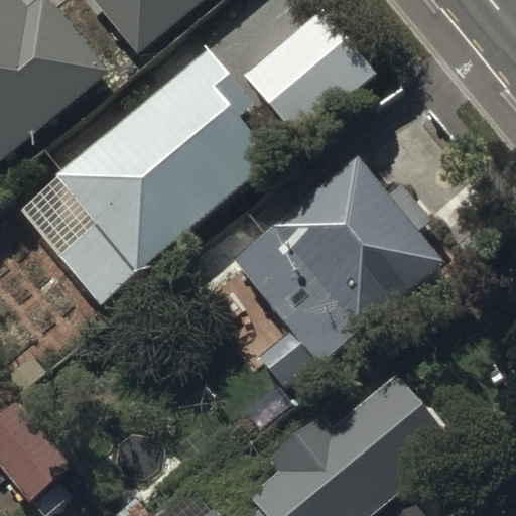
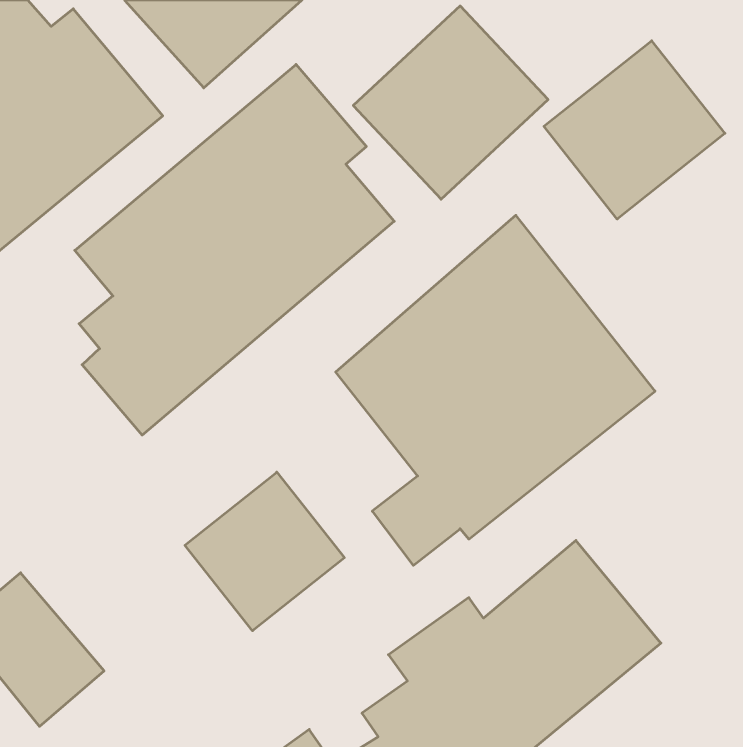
building: none -> [544,41,725,219]
building: none -> [185,472,344,631]

